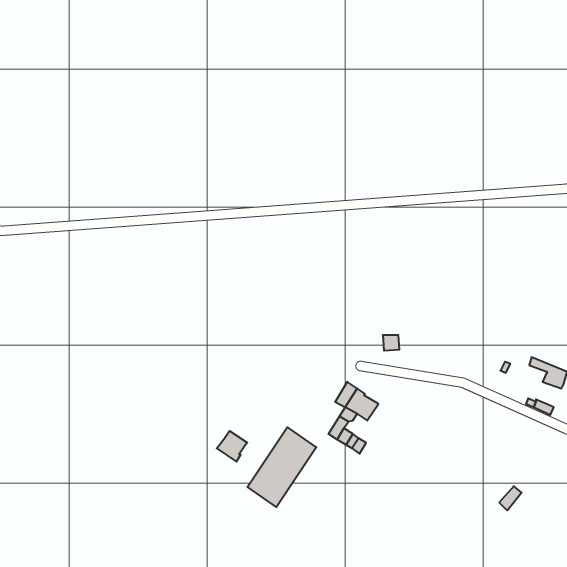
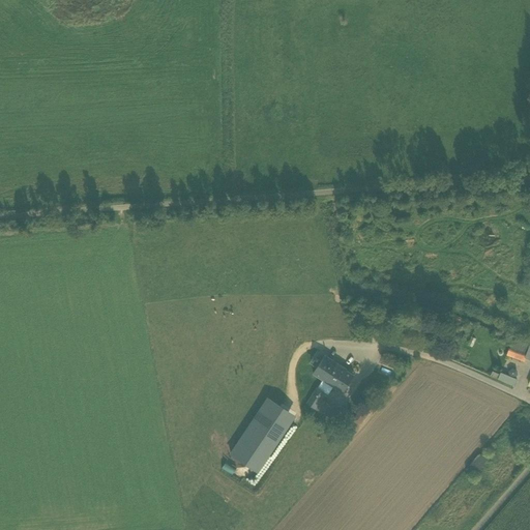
building: [217,431,247,462] -> none

